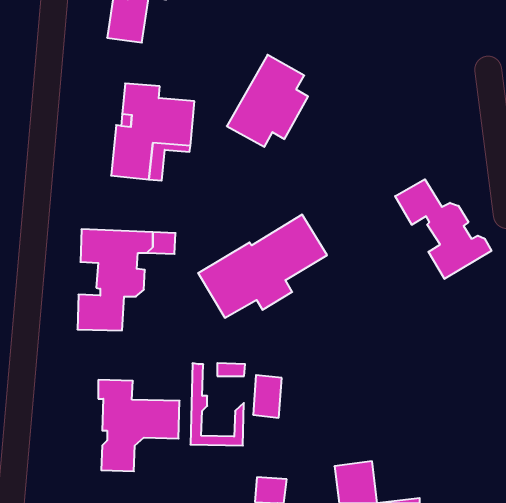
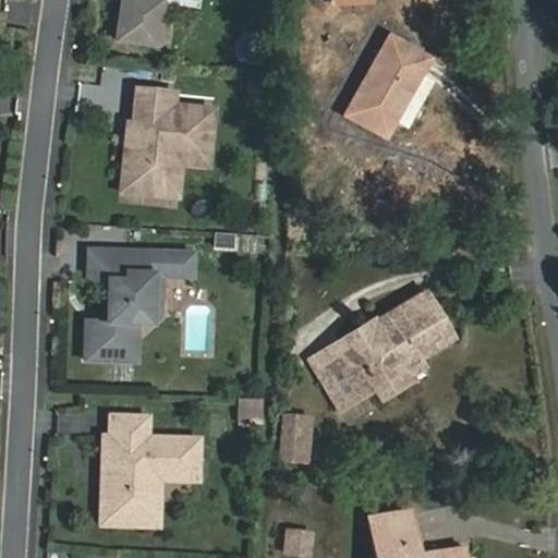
building: [227,55,308,147] -> [344,33,434,134]
building: [395,179,491,279] -> none
building: [198,215,327,318] -> [311,292,452,405]
building: [190,363,244,446] -> [100,437,159,527]

